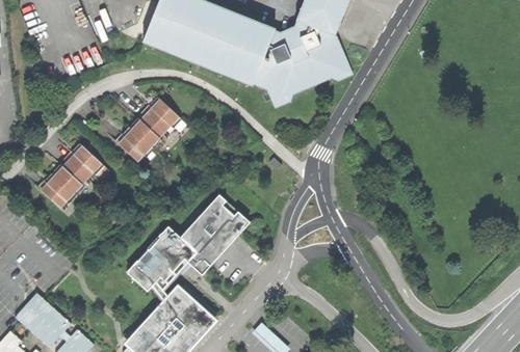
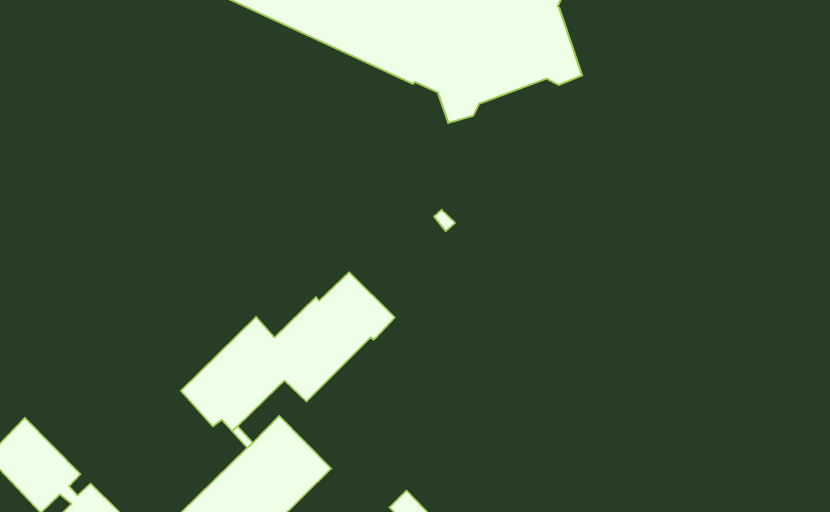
building: [115,100,181,162] -> none
building: [37,146,103,208] -> none

